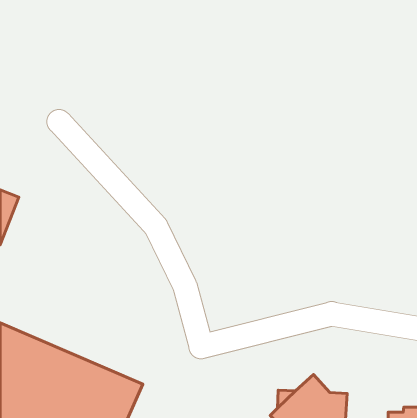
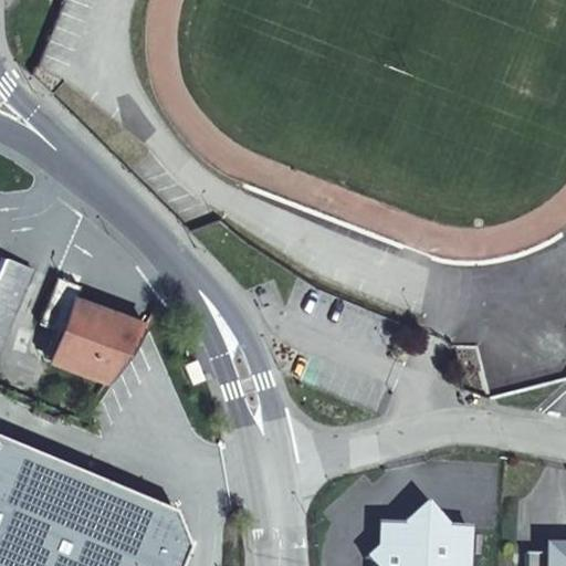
building: none -> [39,281,147,379]

